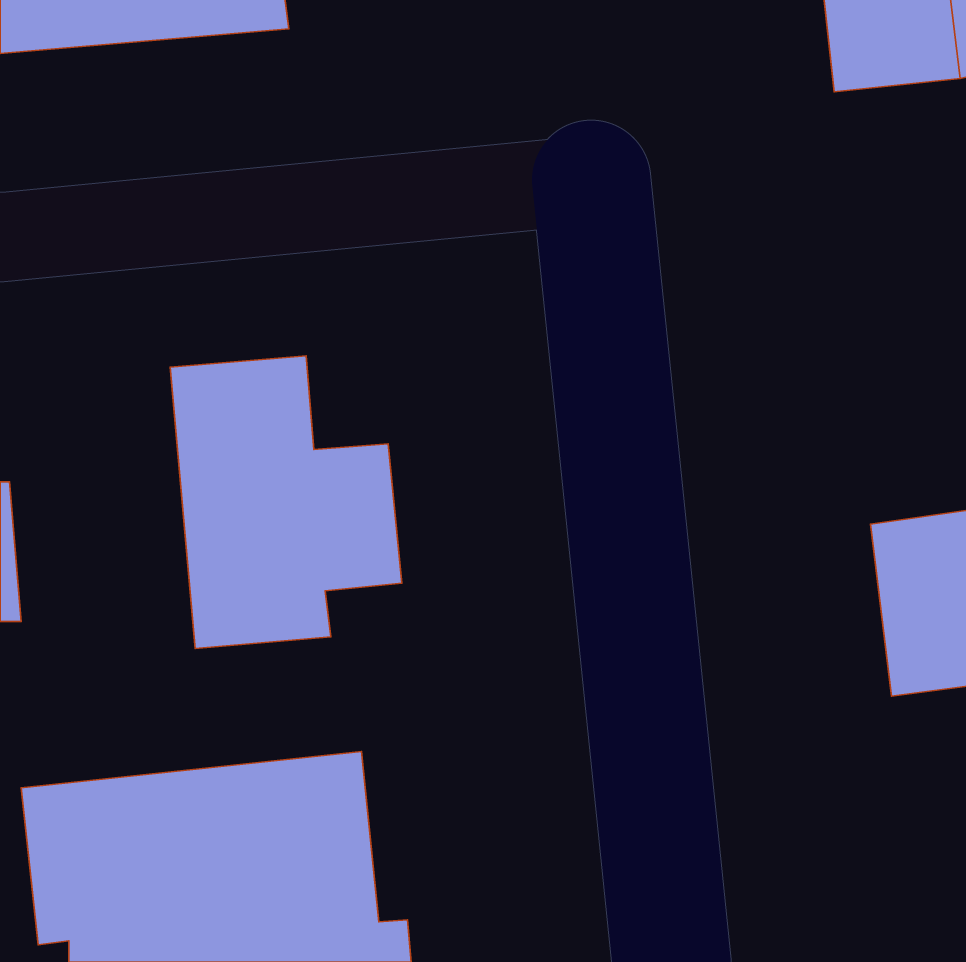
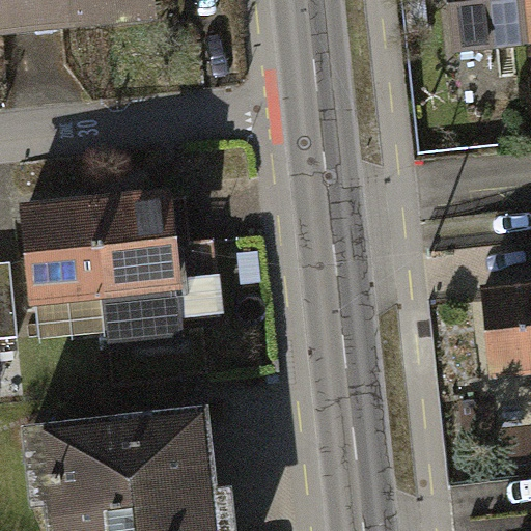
building: none -> [22,199,108,311]

